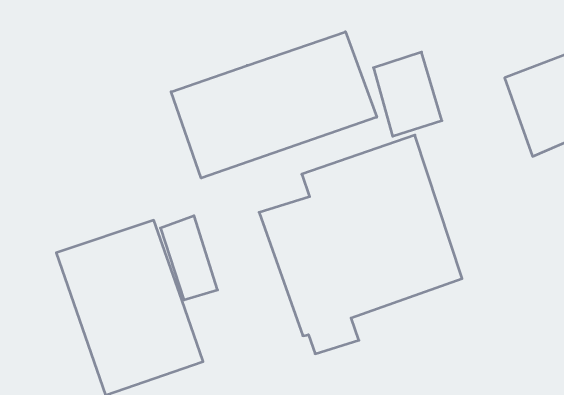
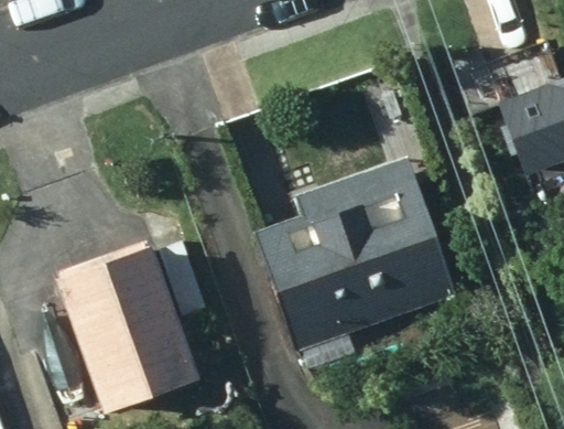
building: [171,32,377,178] -> none

